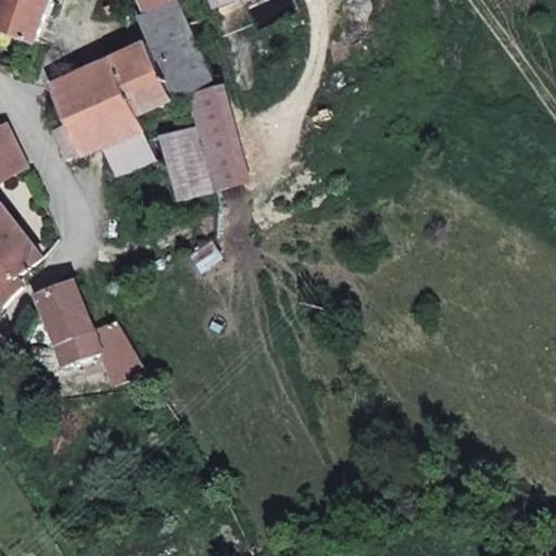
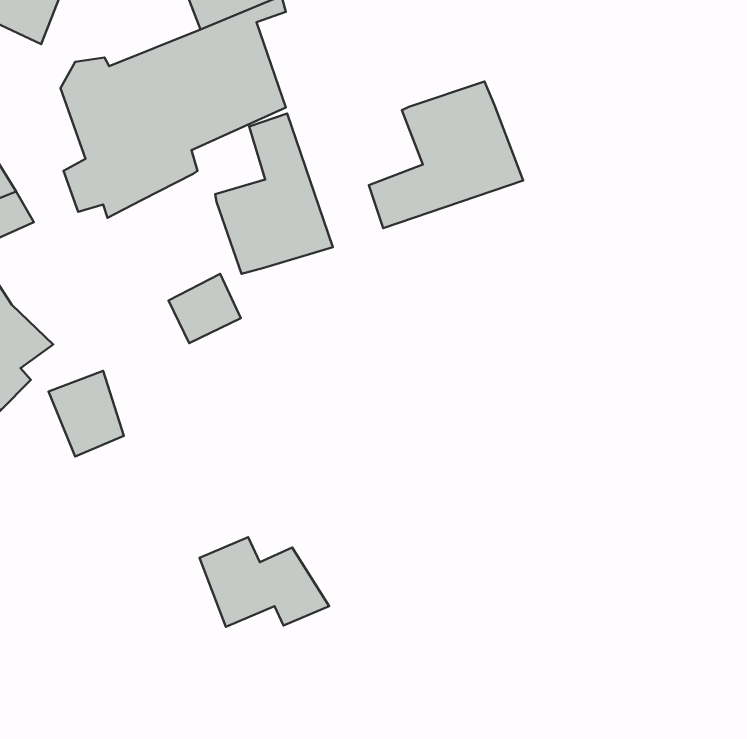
building: none -> [369,81,523,228]
building: [104,128,157,179] -> [169,274,241,343]
building: [55,321,151,388] -> [199,537,329,627]

